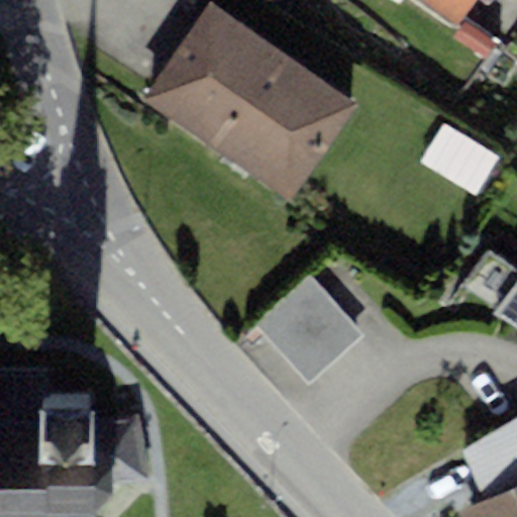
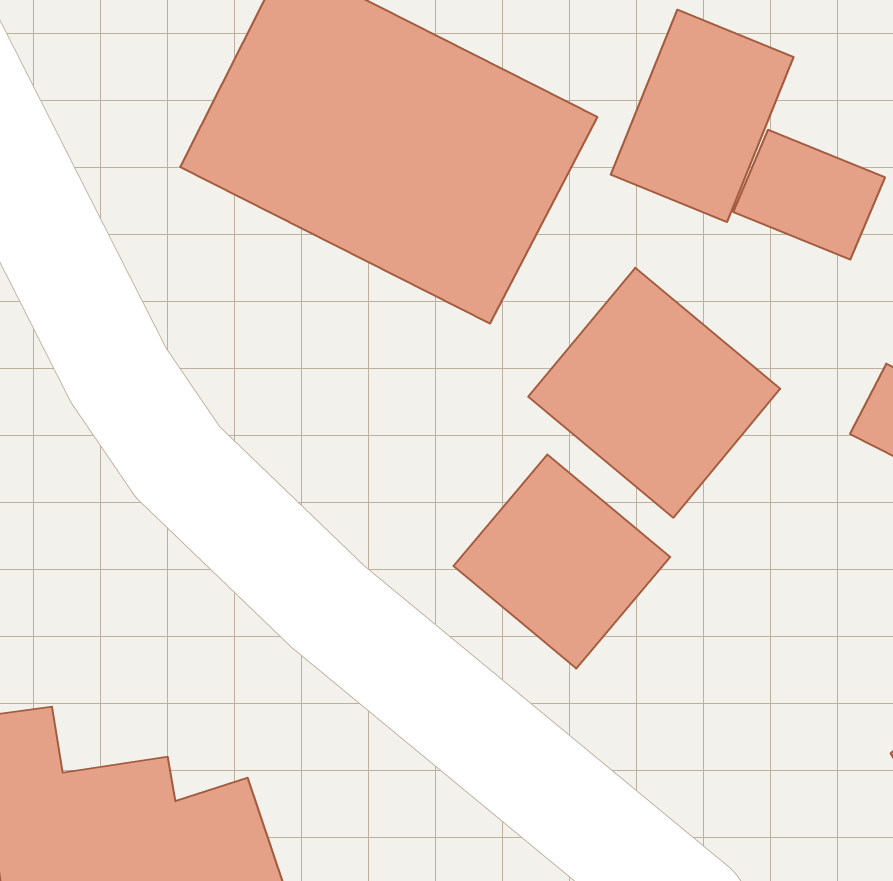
building: none -> [611,10,794,222]
building: none -> [528,268,780,518]

